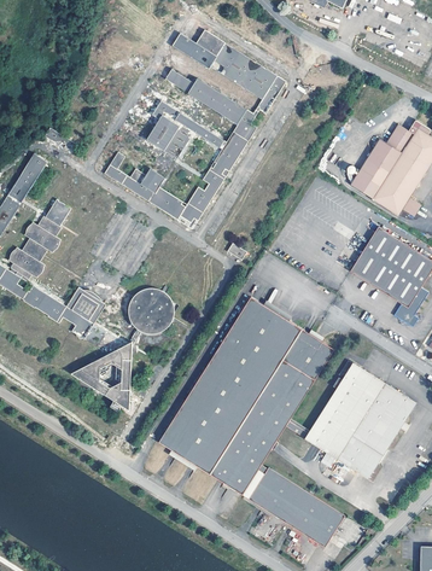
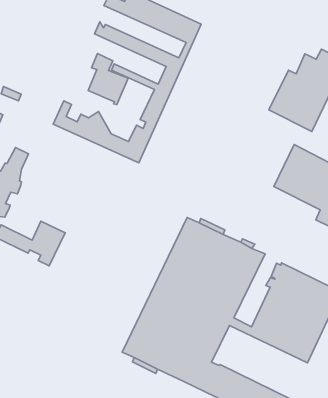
building: [128,286,174,333] -> none
building: [68,348,130,412] -> none

